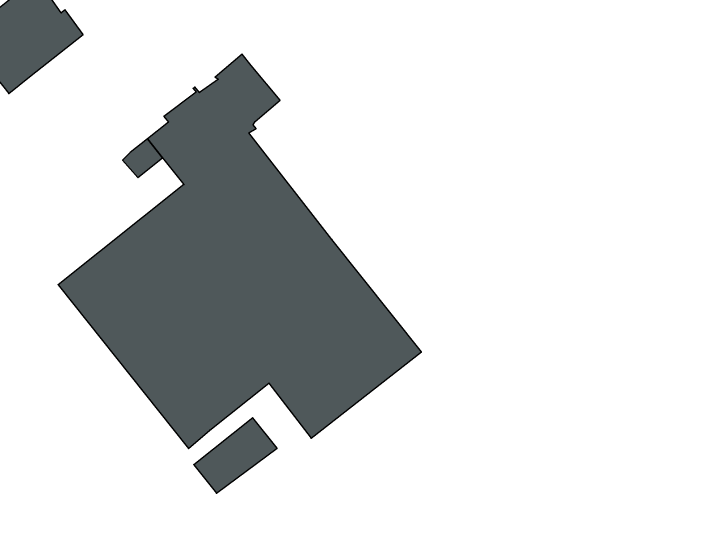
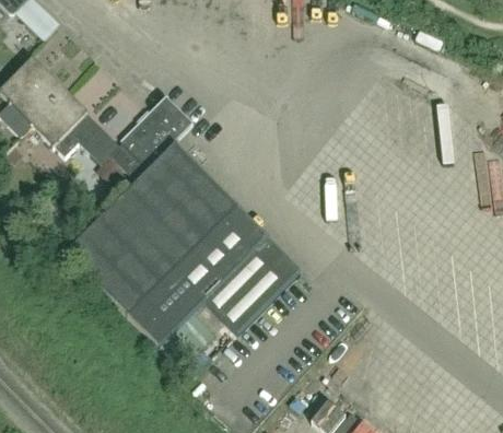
building: none -> [33,93,108,155]

